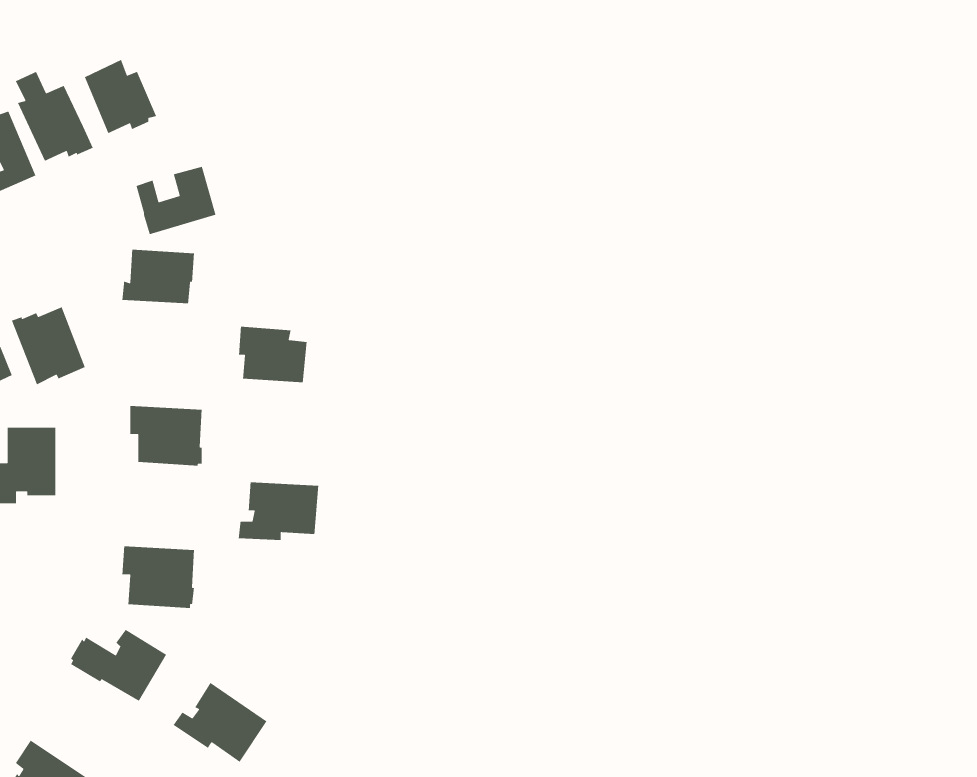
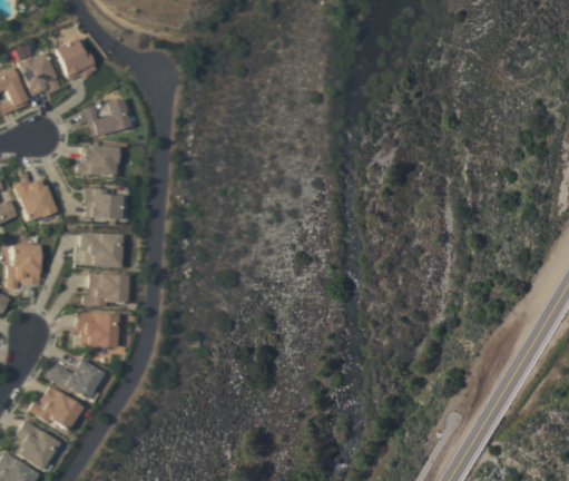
building: [238,326,307,383] -> [85,187,124,219]
building: [238,481,319,541] -> [84,273,129,306]
building: [172,682,267,763] -> [30,385,84,431]

